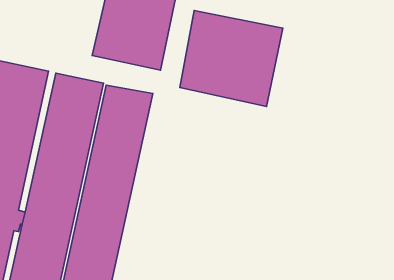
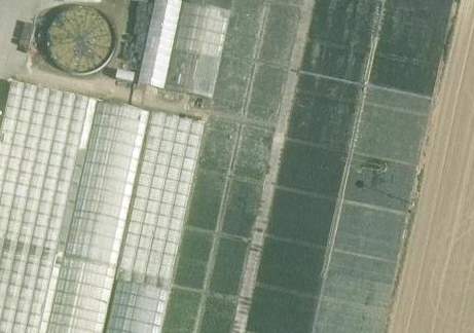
building: [180,10,283,106] -> none

